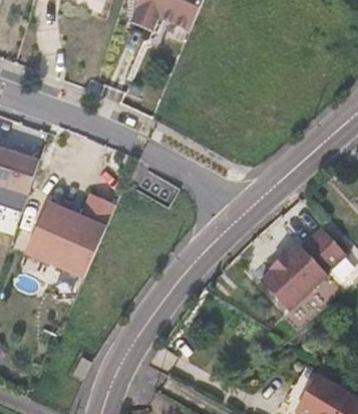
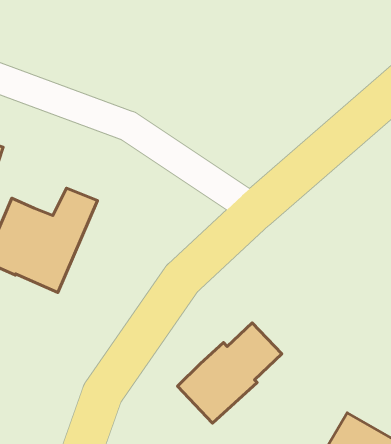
building: [262,229,346,310] -> [178,323,282,423]

